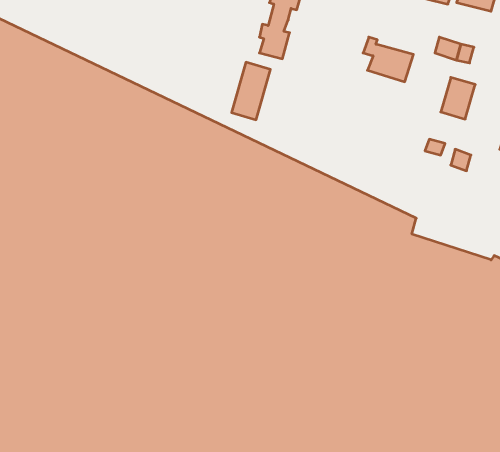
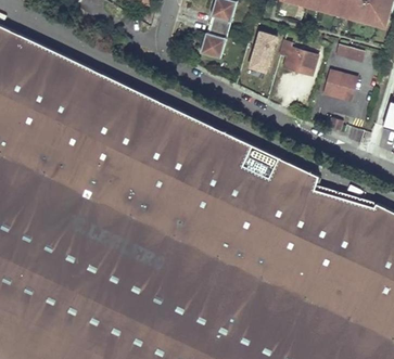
building: [232,62,270,120] -> [249,34,278,77]
building: none -> [322,68,347,99]

